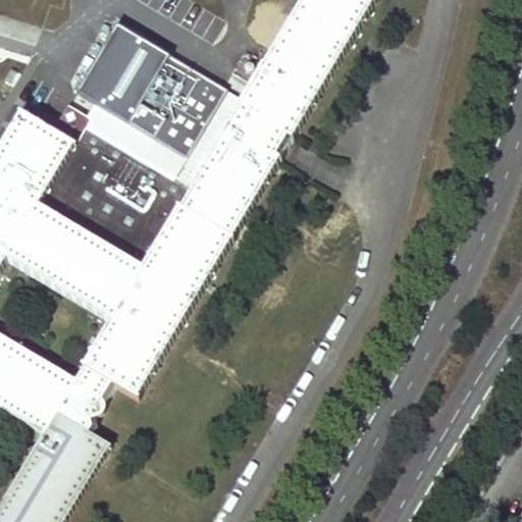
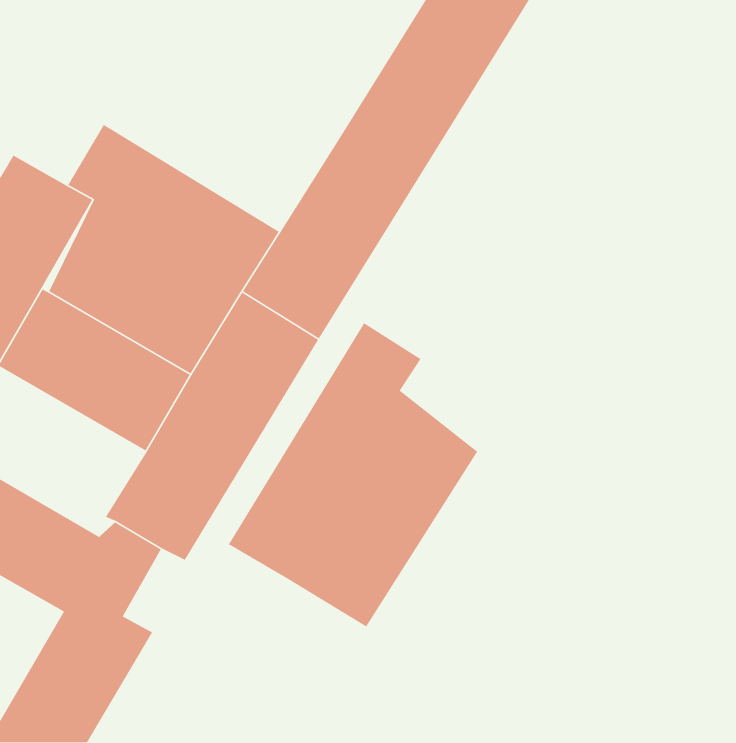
building: [72,20,238,162] -> none
building: none -> [228,322,478,627]

